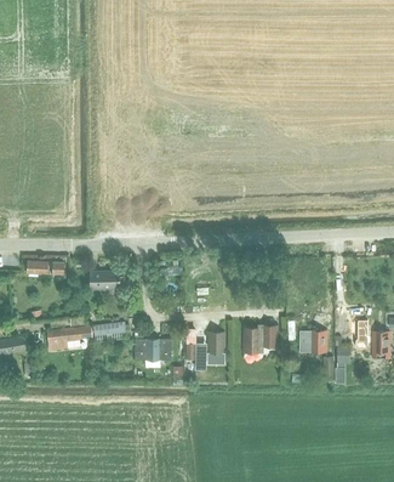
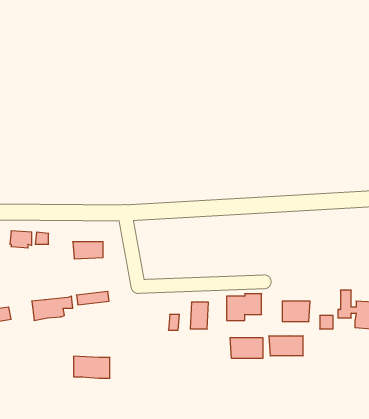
building: [135,339,171,361] -> [74,356,110,378]
building: none -> [269,336,303,356]
building: none -> [230,338,263,358]

